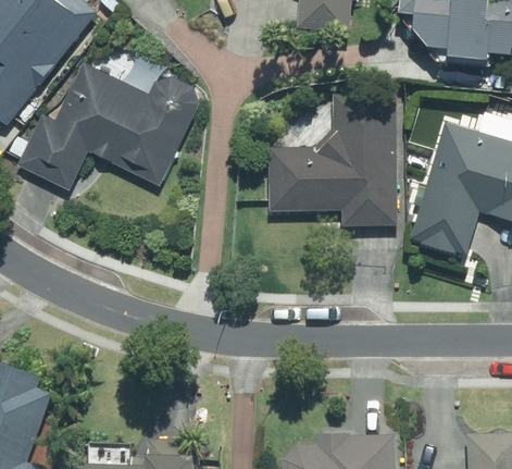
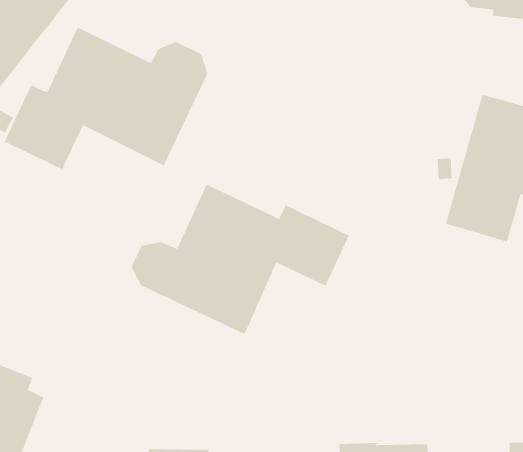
building: [265,92,396,225] -> none
building: none -> [131,184,350,335]

